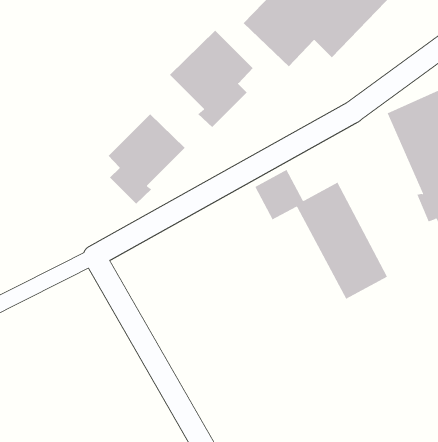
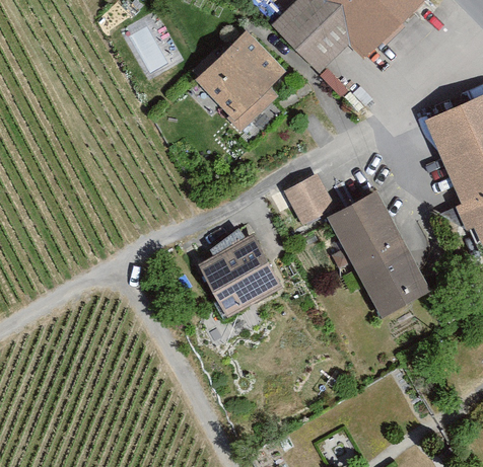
building: [108,114,186,205] -> none
building: none -> [198,234,280,315]

